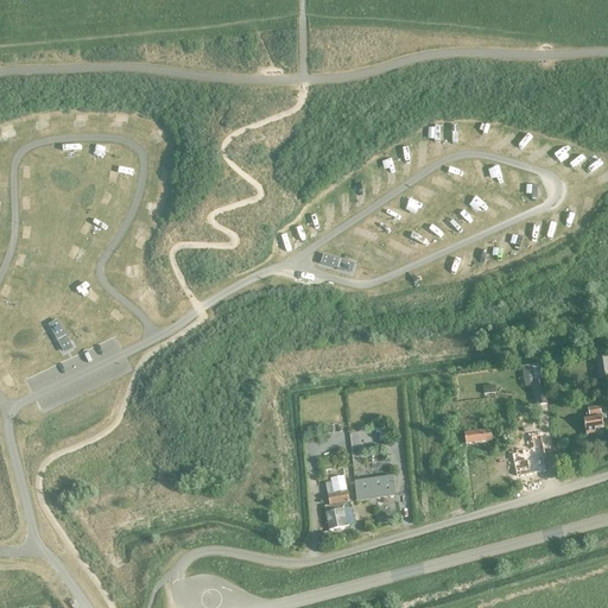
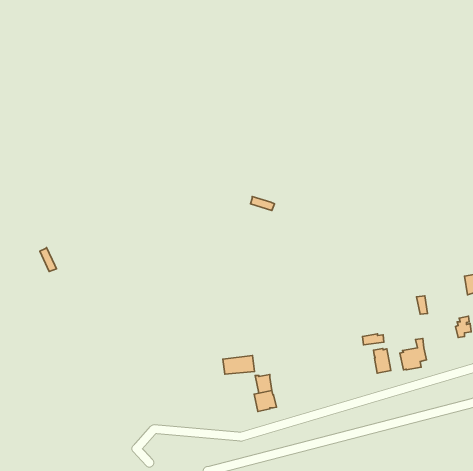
building: none -> [373,349,391,373]
building: [355,474,395,498] -> [223,356,254,374]

